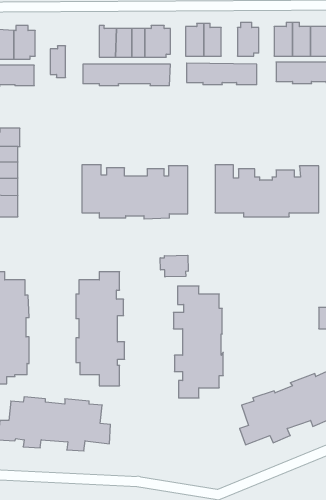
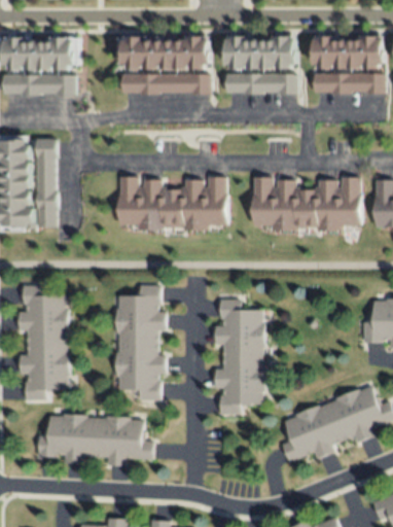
building: none -> [262,38,279,67]
building: [50,46,66,77] -> [123,36,139,68]
building: [160,255,188,277] -> none

